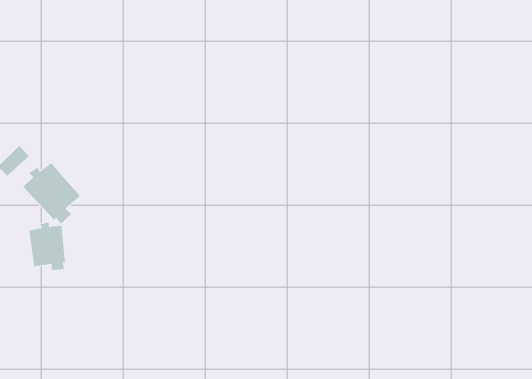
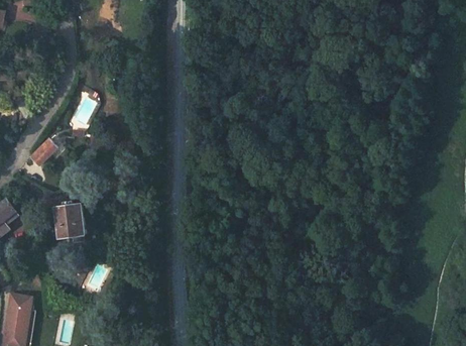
building: [22,162,81,225] -> none

